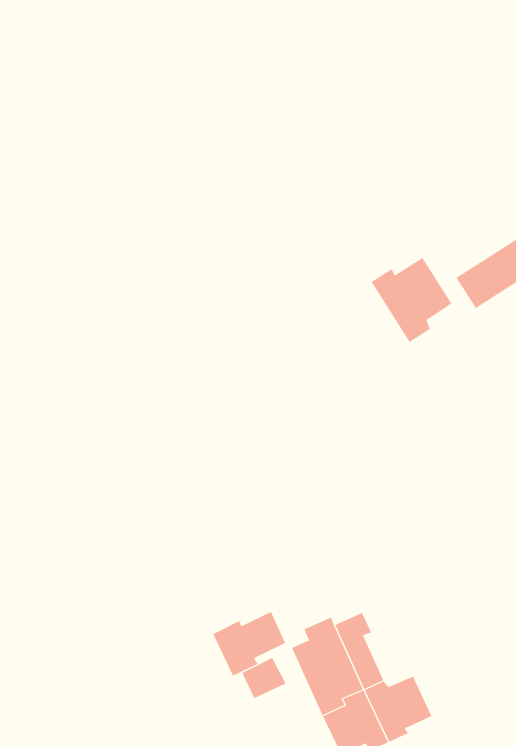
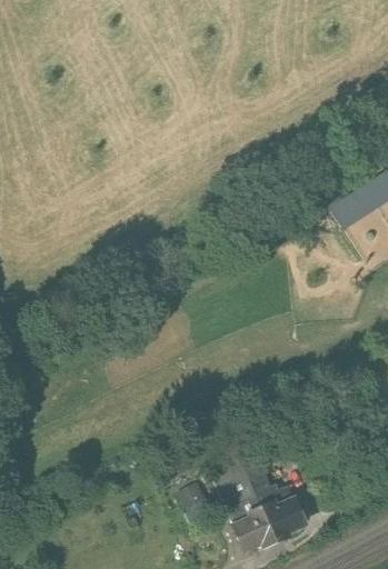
building: [371,257,452,343] -> none
building: [213,611,286,677] -> none

